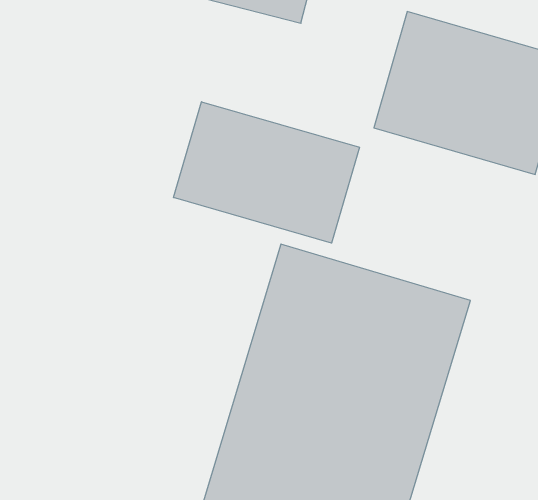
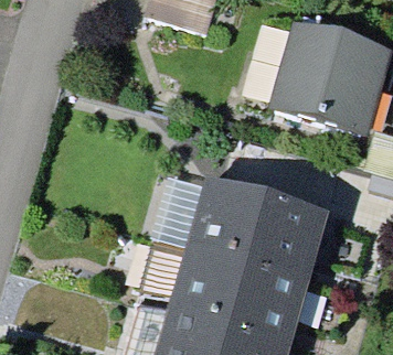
building: [174,102,360,243] -> none

